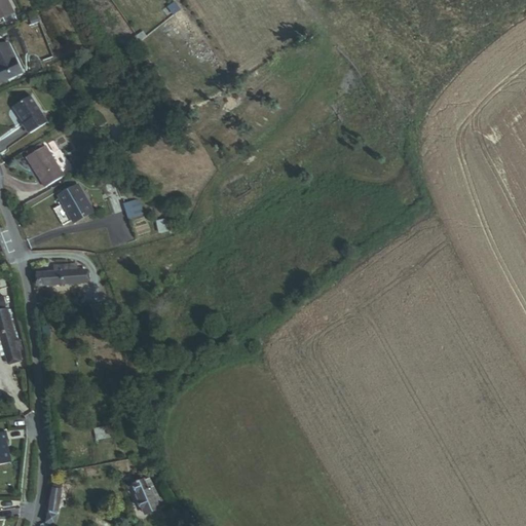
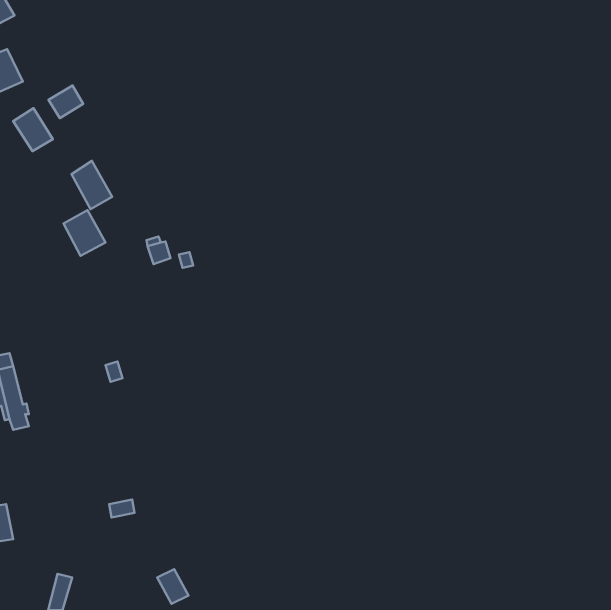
building: none -> [48,86,83,118]
building: [27,143,62,184] -> [71,161,112,209]
building: [38,263,83,288] -> none

